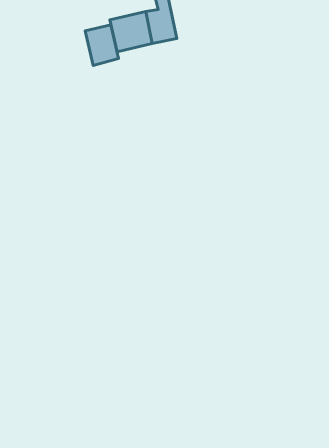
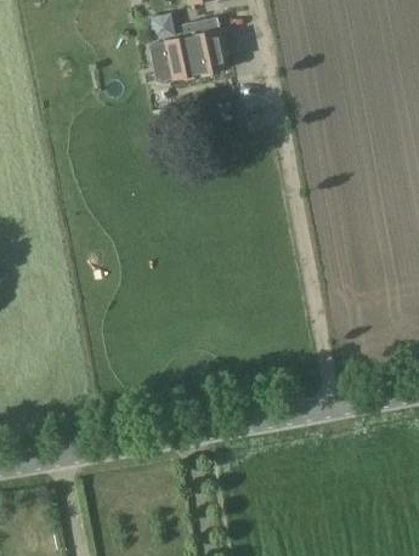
building: [85,25,119,65] -> none

